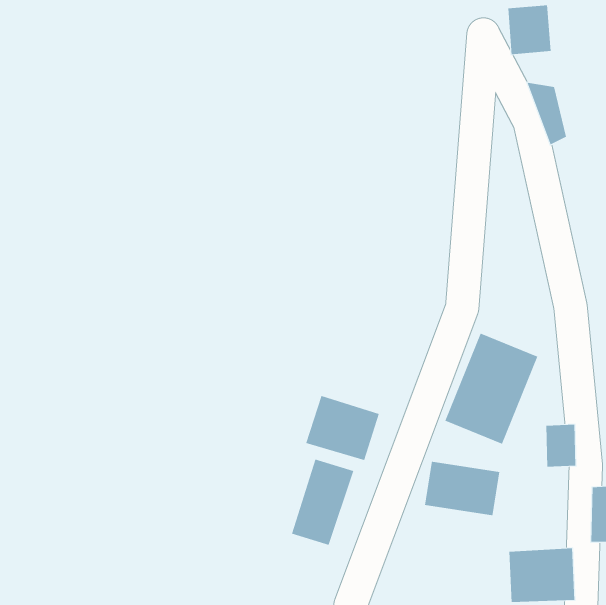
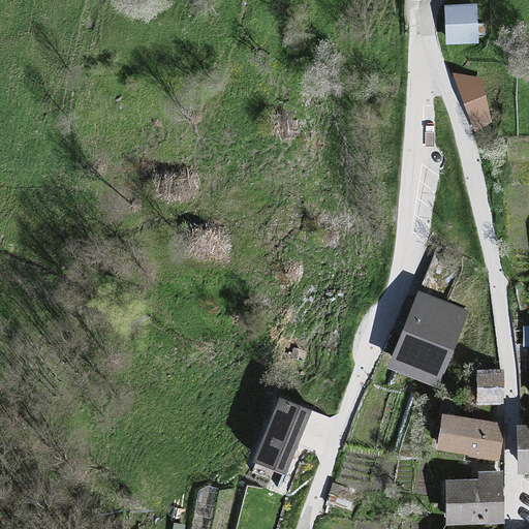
building: [305,395,380,461] -> none
building: [424,461,500,516] -> [436,412,502,460]

